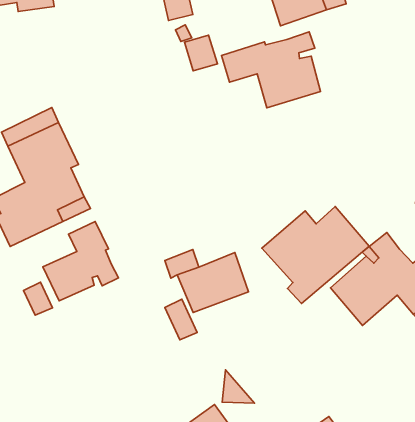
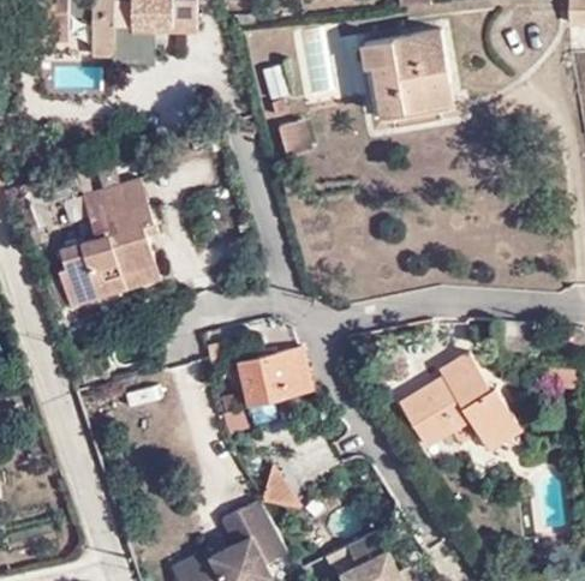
building: [222,32,320,108] -> none
building: [262,206,369,304] -> none
building: [43,222,118,301] -> none

